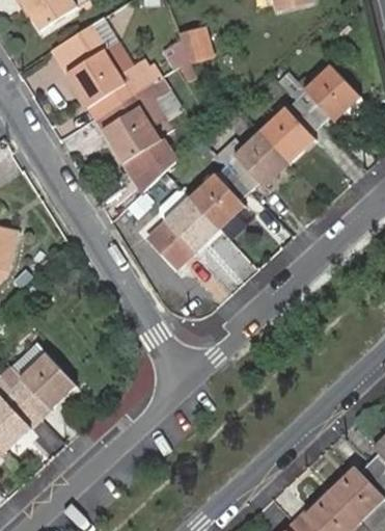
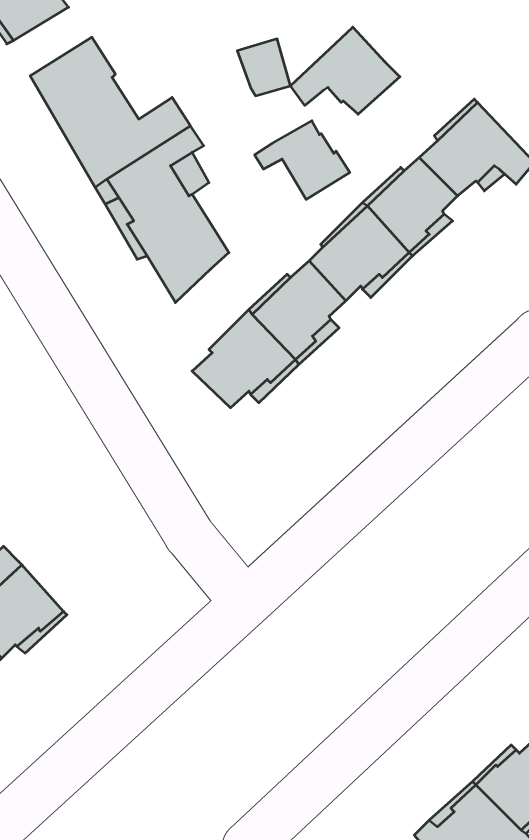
building: none -> [291,27,400,114]
building: none -> [255,121,350,199]

